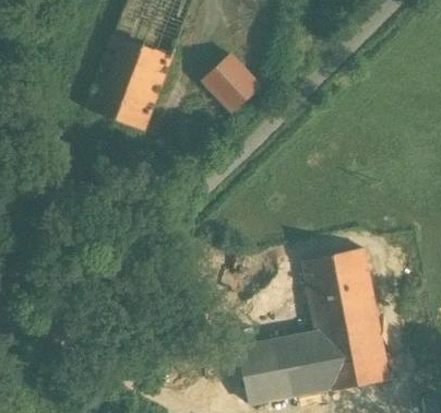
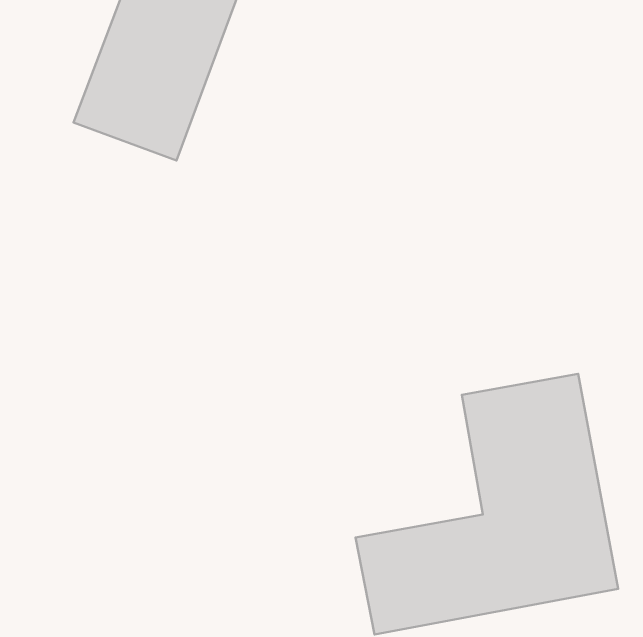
building: [200,54,259,113] -> none

